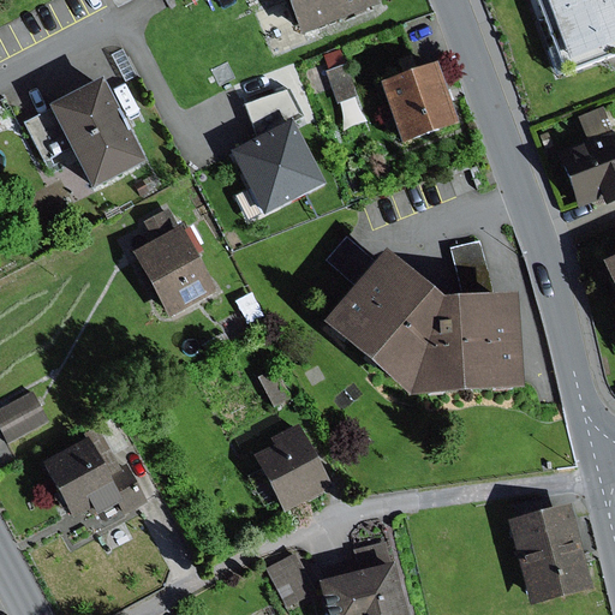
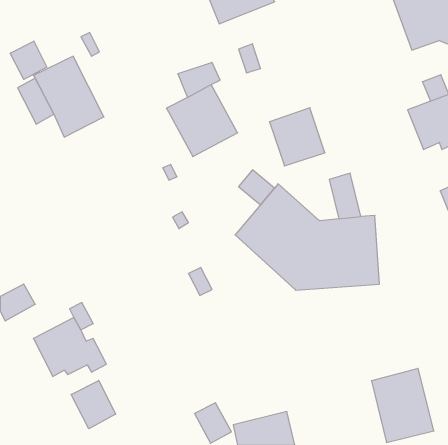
building: none -> [10,41,47,79]
building: [381,62,456,142] -> [269,108,325,166]
building: [131,204,217,316] -> none
building: [253,422,333,512] -> none
building: none -> [71,380,116,429]

